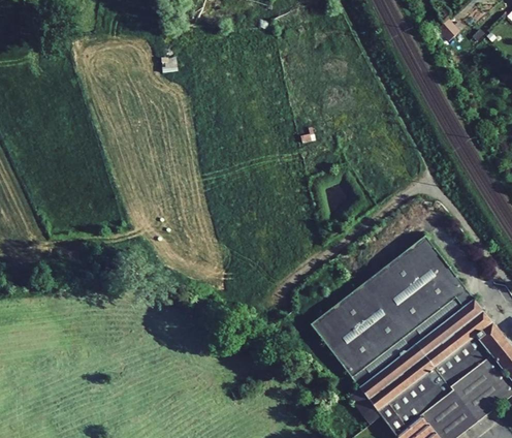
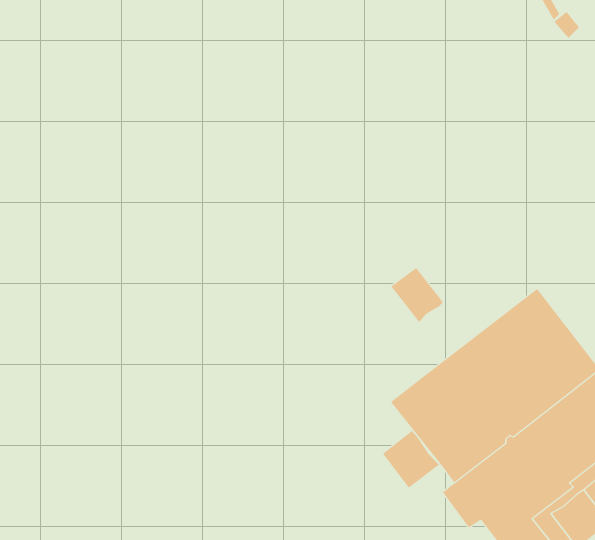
building: none -> [391,267,444,323]
building: none -> [382,430,440,489]

